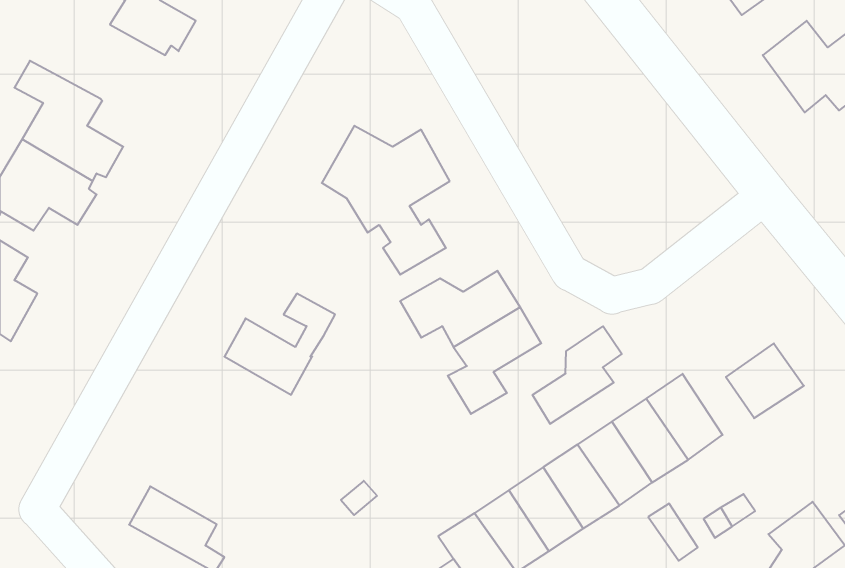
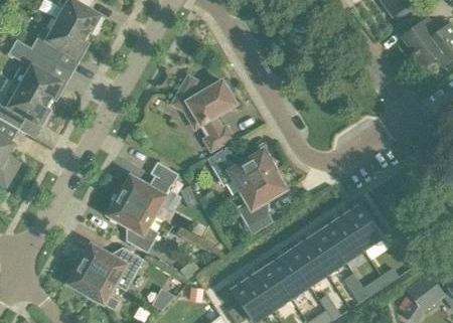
building: none -> [31,20,90,60]
building: [533,326,622,424] -> none
building: [726,343,804,418] -> none
building: none -> [108,195,158,251]
building: none -> [80,245,143,290]

